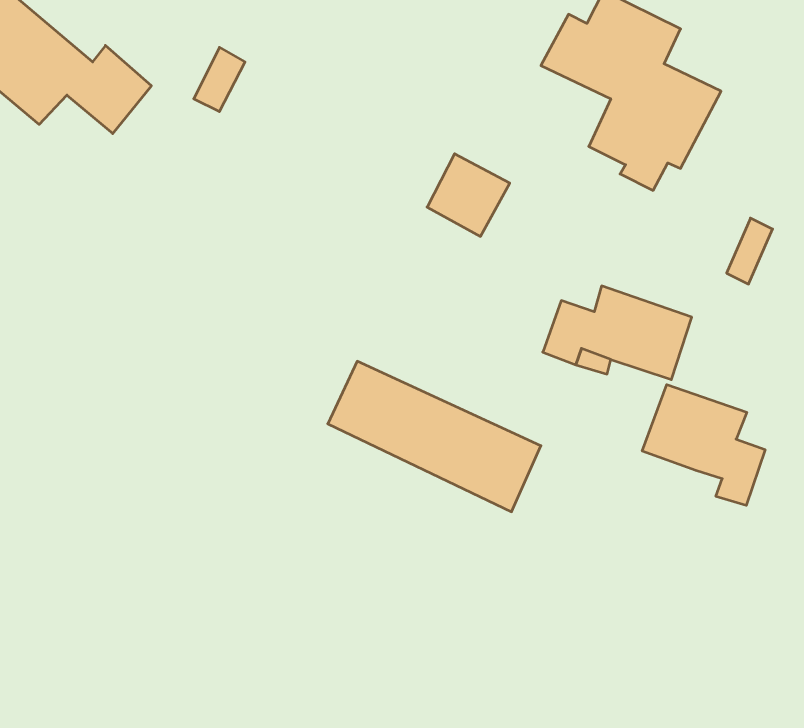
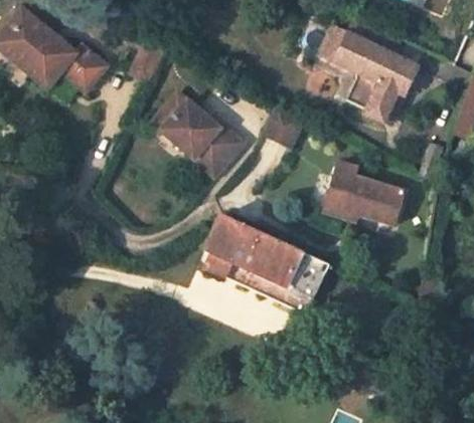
building: none -> [153,92,246,170]
building: [642,385,765,505] -> none

